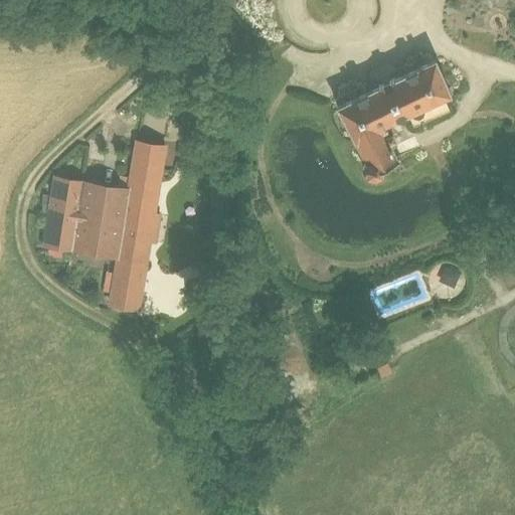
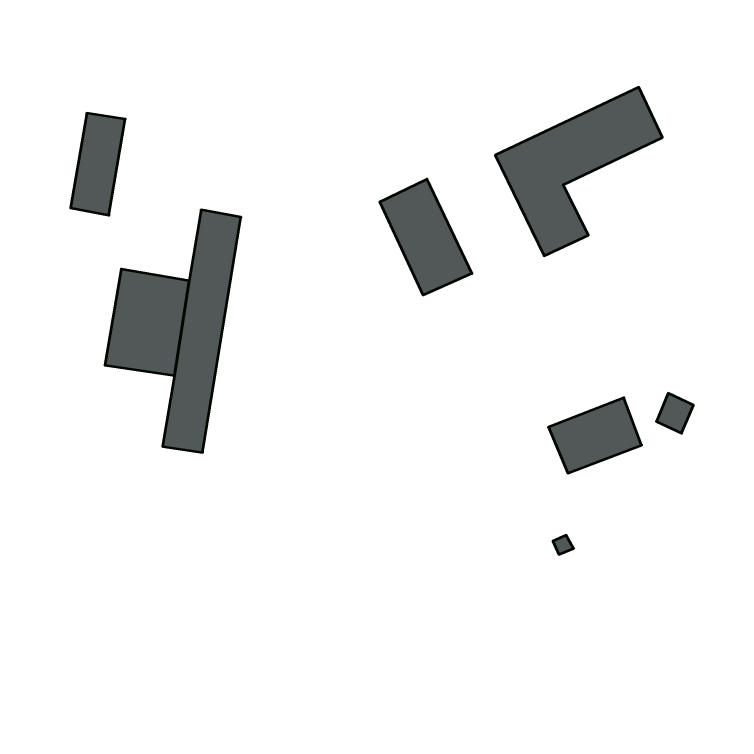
building: none -> [380,179,472,295]
building: [45,180,82,249] -> [71,113,125,215]

